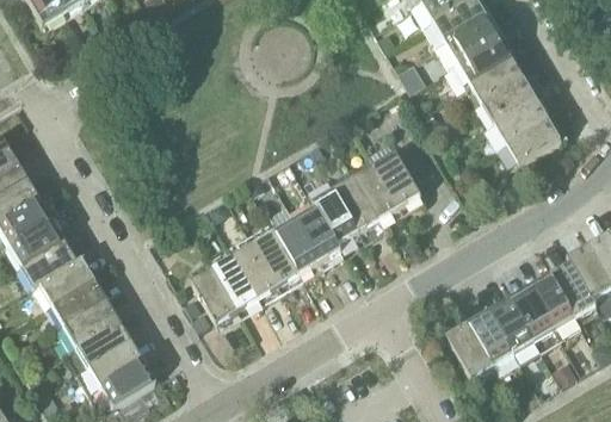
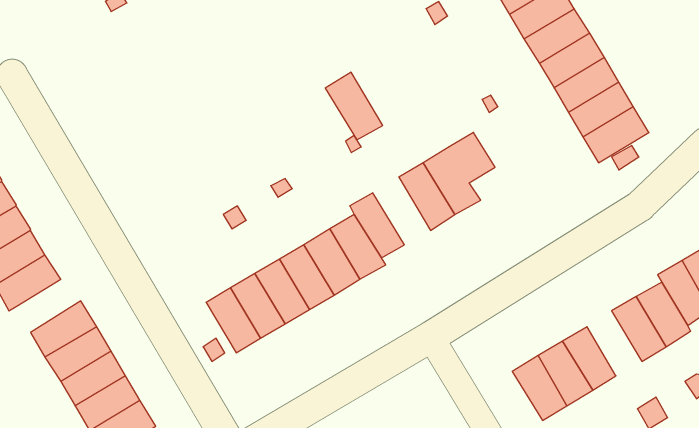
building: [332,174,379,230] -> [325,72,383,140]
building: [36,256,90,303] -> none
building: [510,285,555,339] -> none

